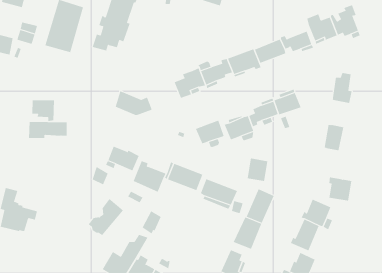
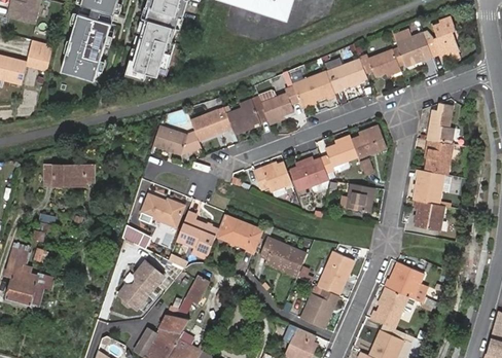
building: none -> [188,110,231,144]
building: [32,99,54,122] -> none
building: none -> [423,138,447,172]
building: [247,158,268,182] -> [345,181,371,211]
building: [329,177,352,201] -> [416,199,445,229]

